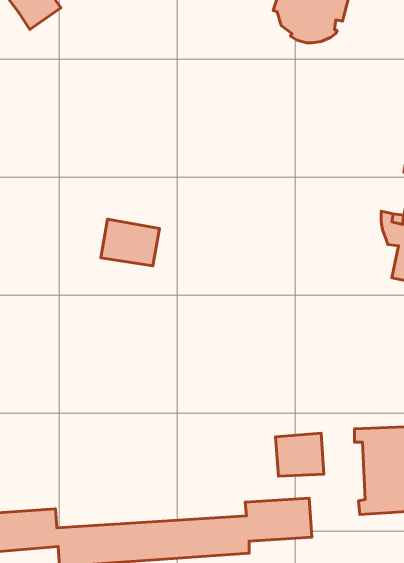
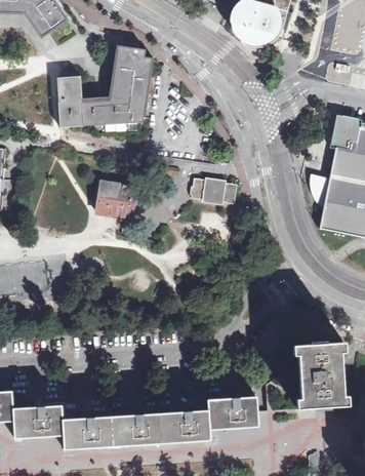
building: none -> [57,46,153,128]
building: none -> [192,178,238,204]
building: [275,433,324,476] -> none

